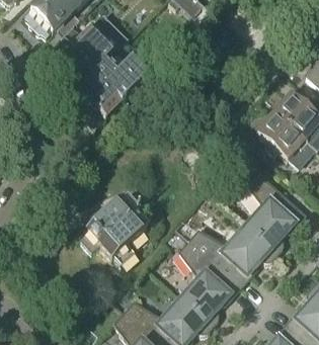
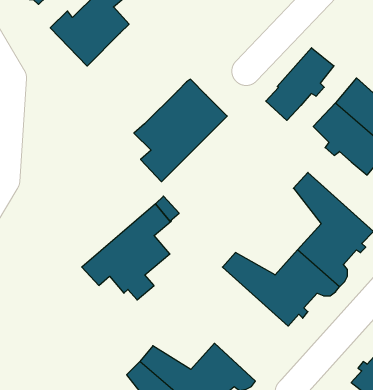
building: [76,49,148,127] -> [134,79,227,182]
building: none -> [266,48,334,120]
building: [179,238,239,326] -> none

